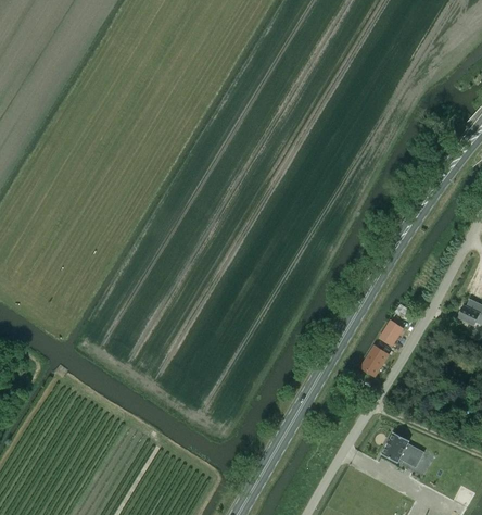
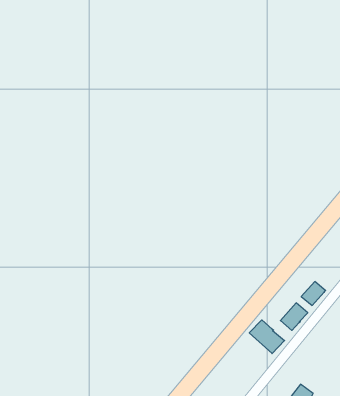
building: none -> [249,320,285,354]

